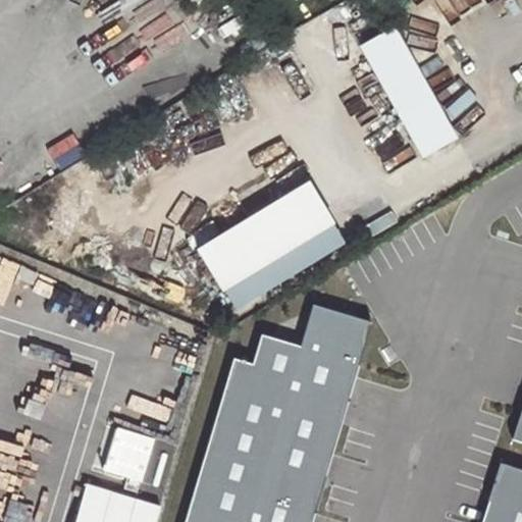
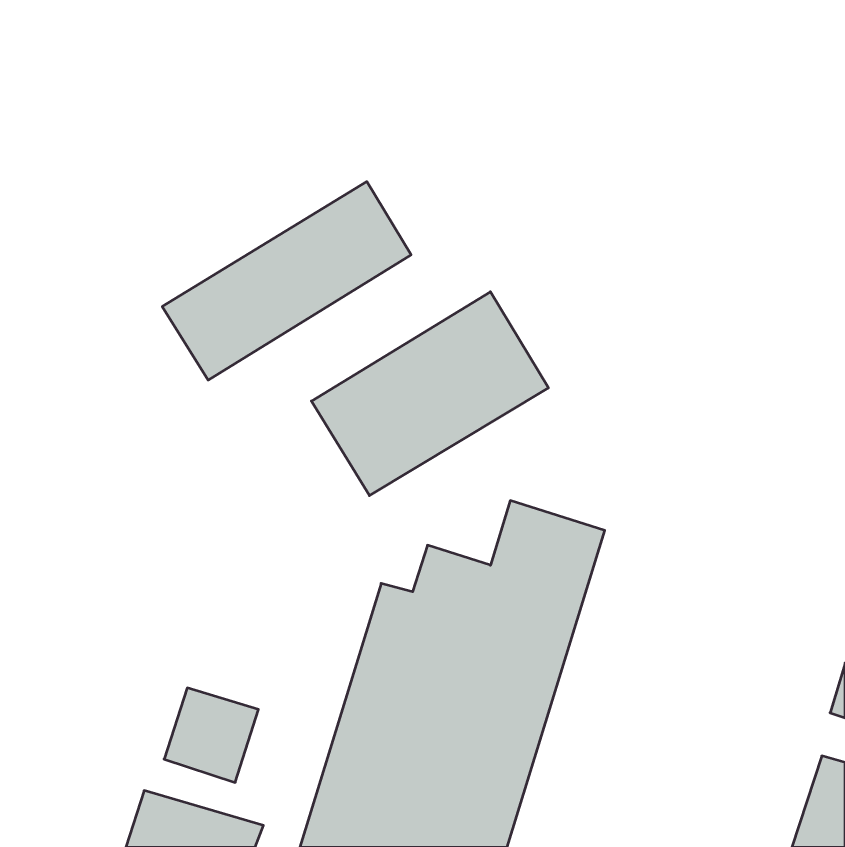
building: [364,27,457,154] -> none
building: none -> [162,182,411,380]

